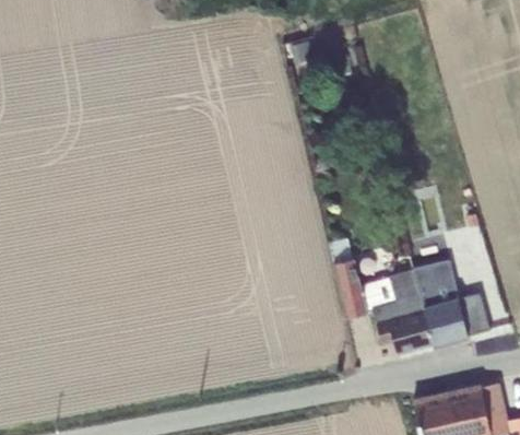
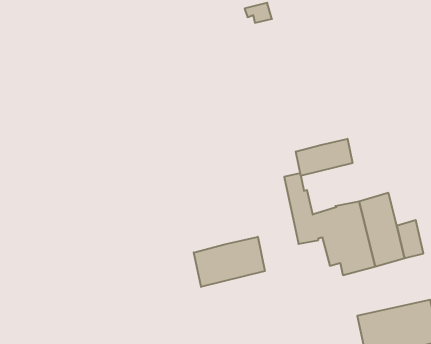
building: none -> [296,139,352,176]
building: none -> [194,237,265,287]

